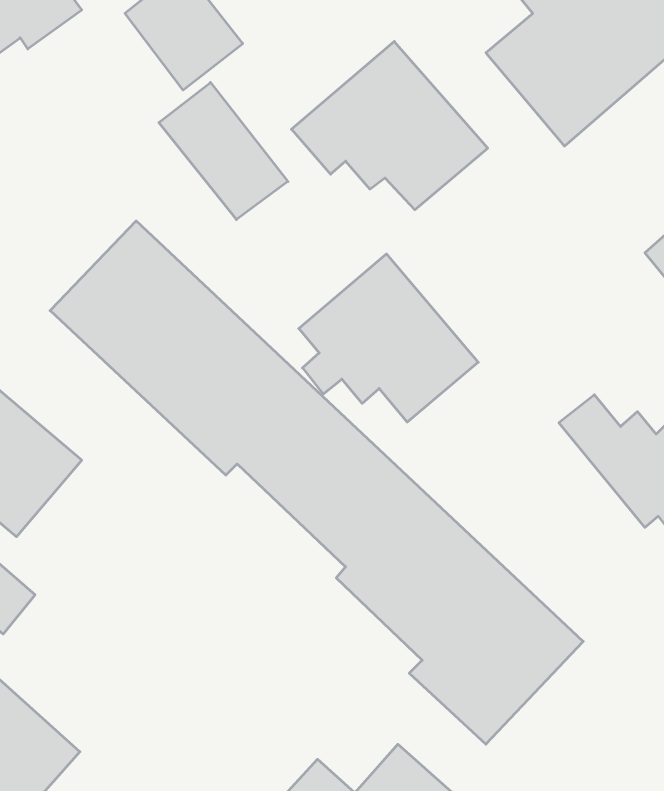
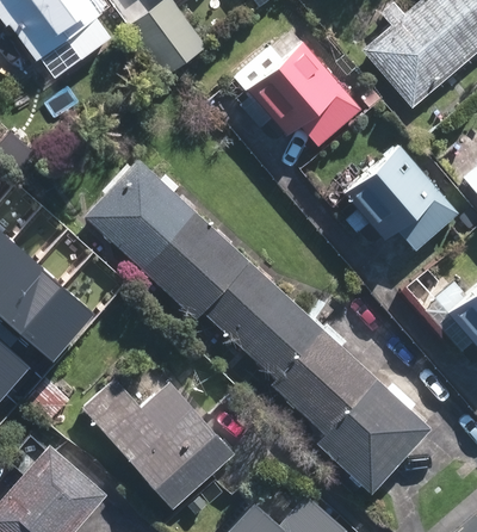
building: [159,82,288,220] -> none
building: [299,254,478,422] -> [342,146,457,253]
building: none -> [82,377,234,509]

